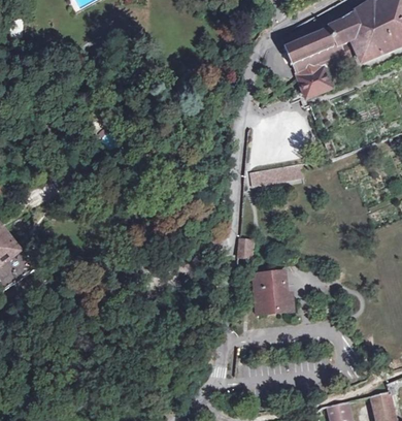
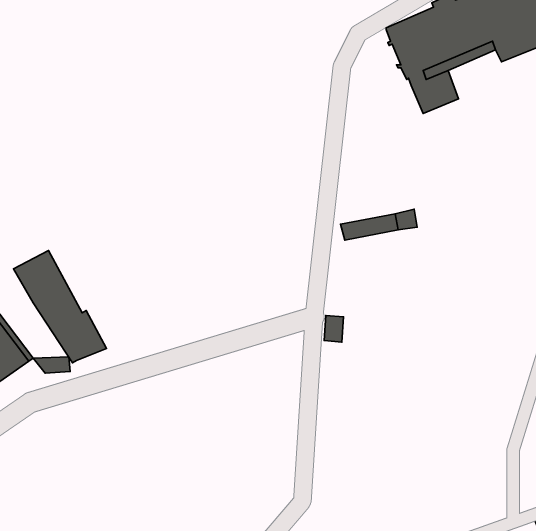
building: none -> [14,250,106,363]
building: [255,271,289,315] -> none

